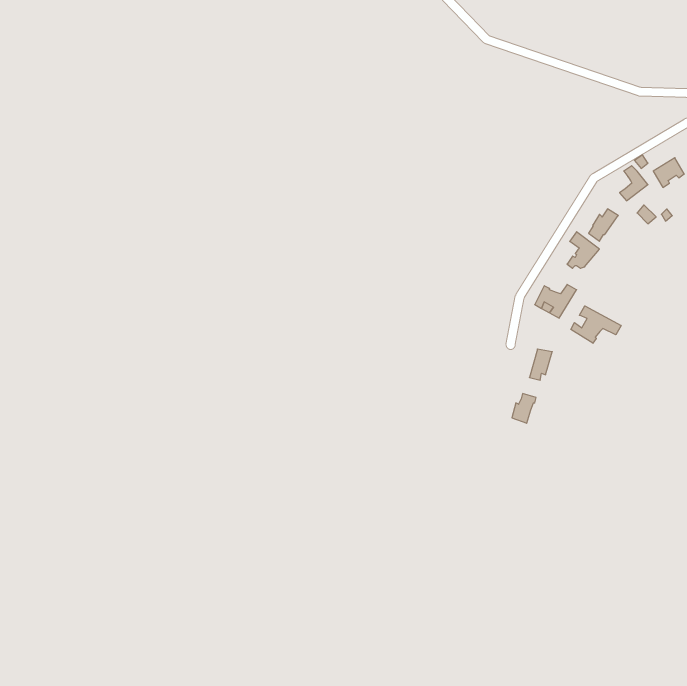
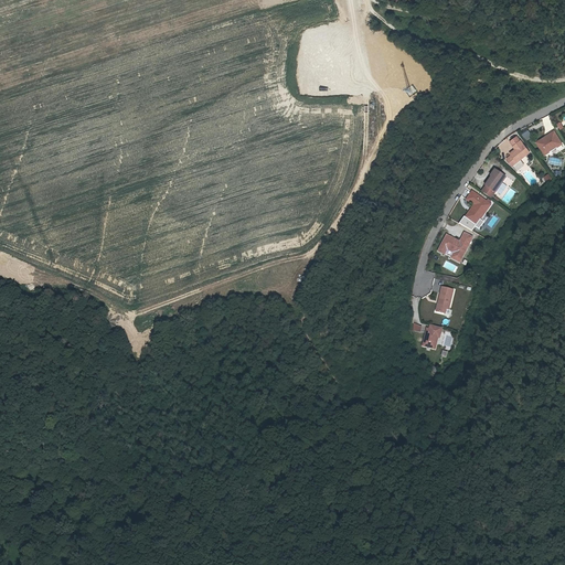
building: [571,306,621,343] -> none

